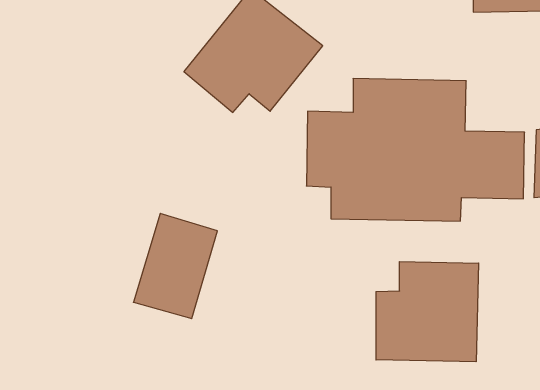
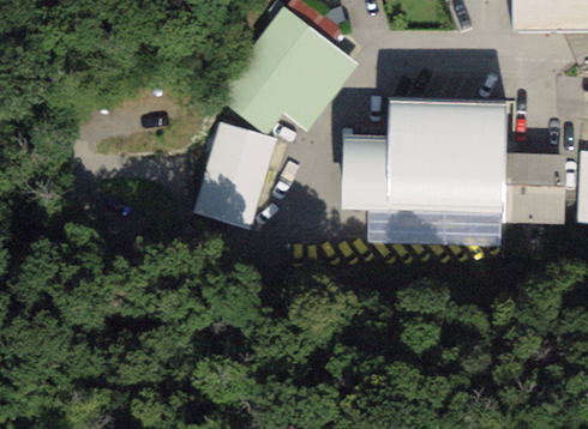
building: [133,213,217,319] -> [191,121,277,229]
building: [376,262,479,362] -> none

